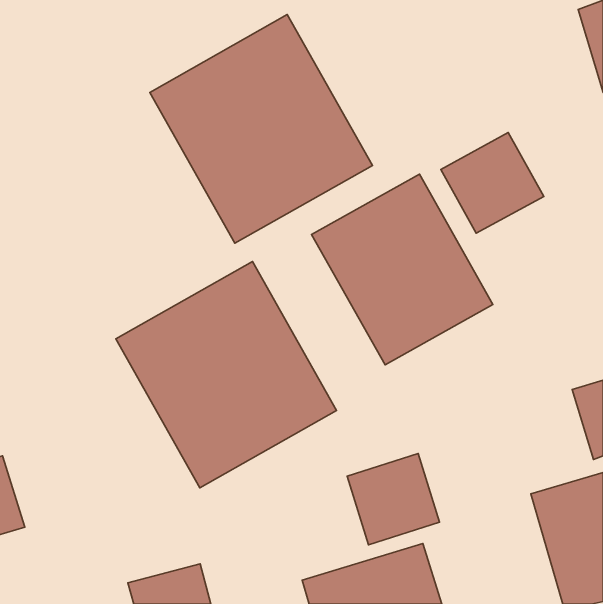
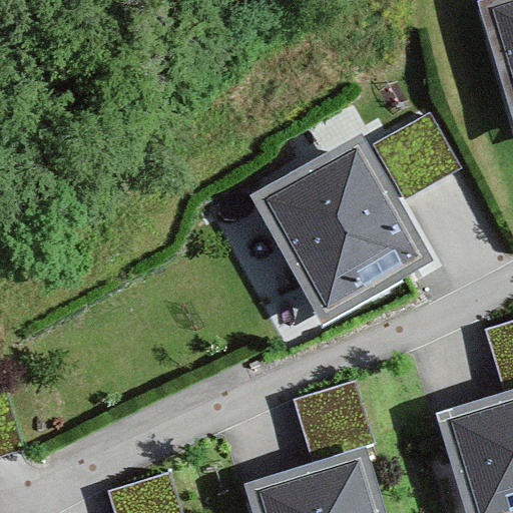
building: [150,15,372,243] -> none
building: [116,262,337,488] -> none

